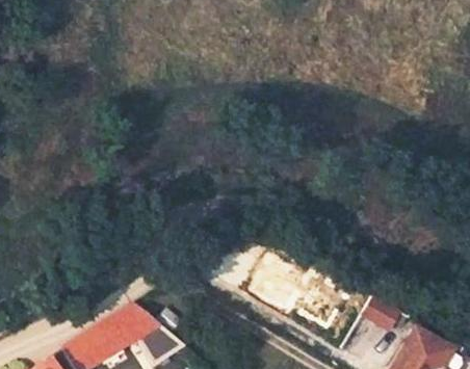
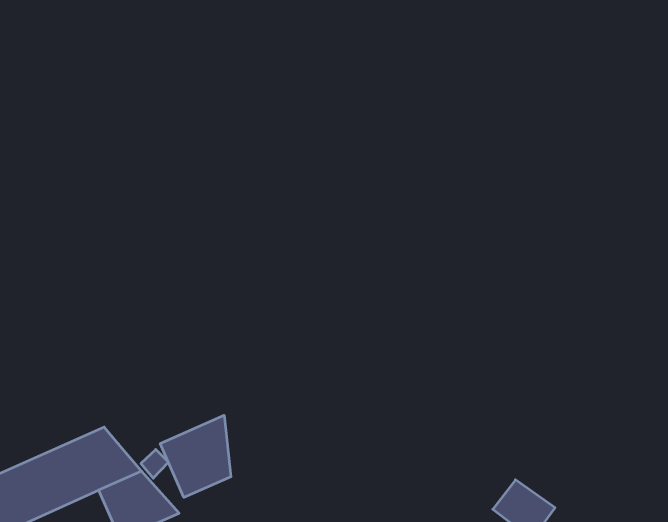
building: none -> [160,415,231,497]

